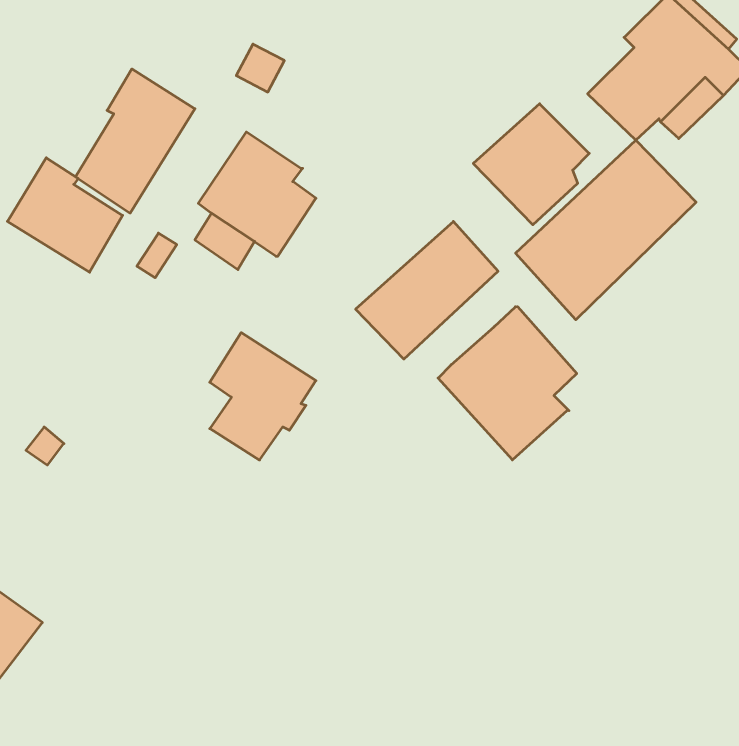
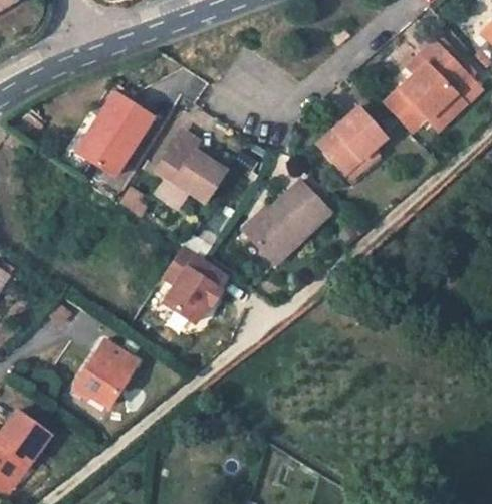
building: [516,140,696,320] -> none
building: [7,158,123,272] -> none
building: [438,307,577,460] -> none
building: none -> [78,332,144,399]

